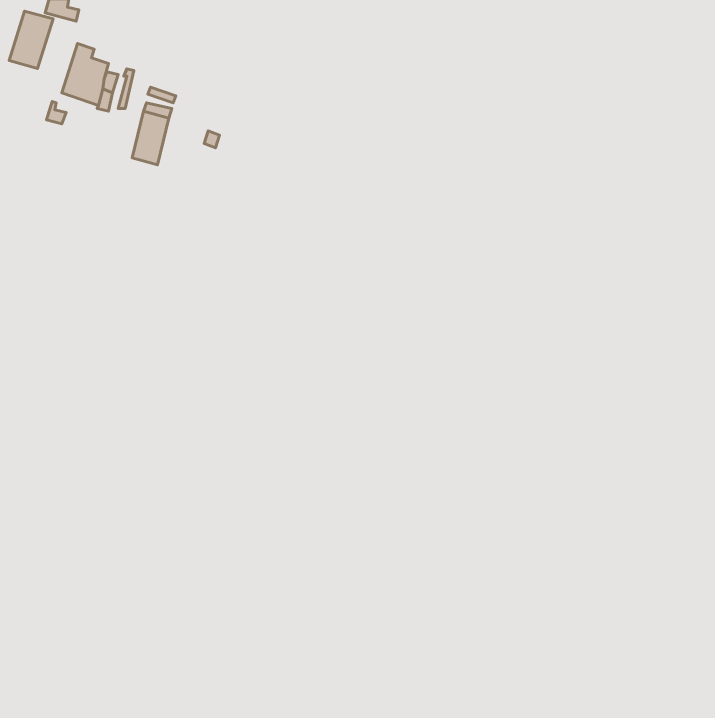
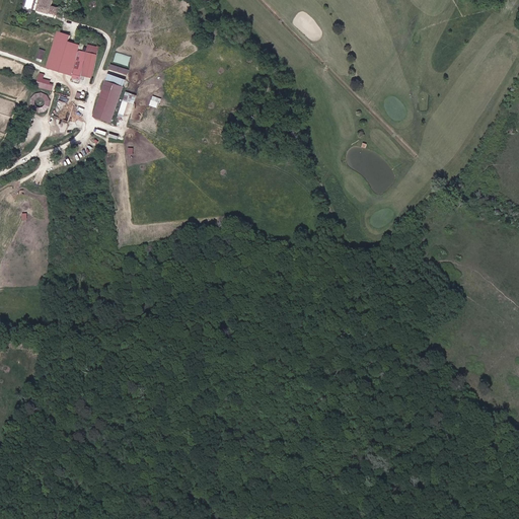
building: [9,11,53,69] -> none

